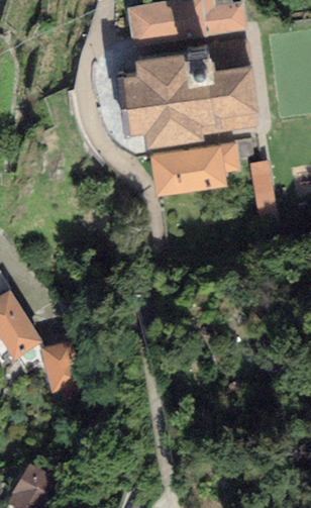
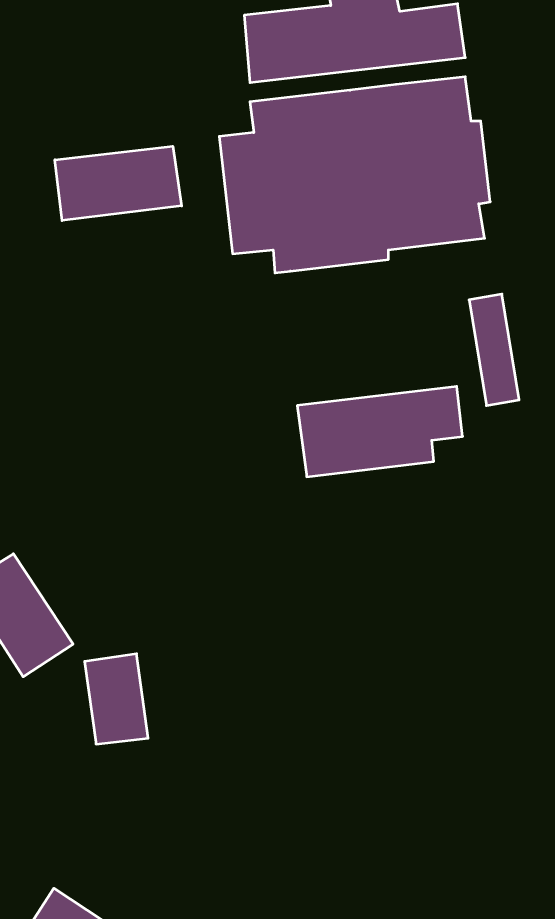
building: none -> [55,146,182,221]
building: [152,145,239,193] -> [297,386,463,477]

